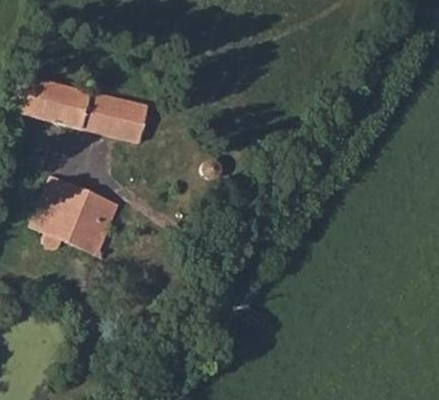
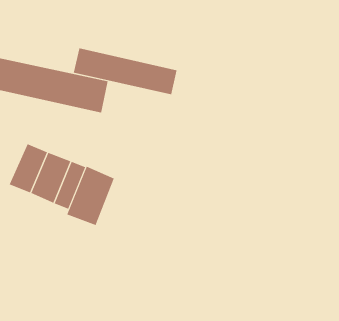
building: none -> [73,48,177,95]
building: none -> [67,166,114,226]

